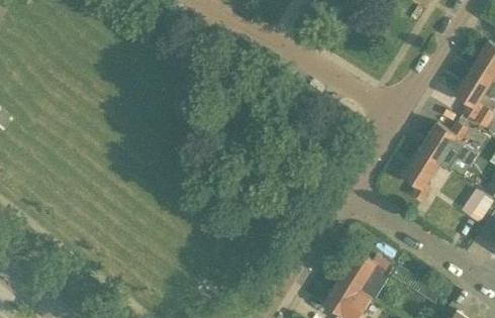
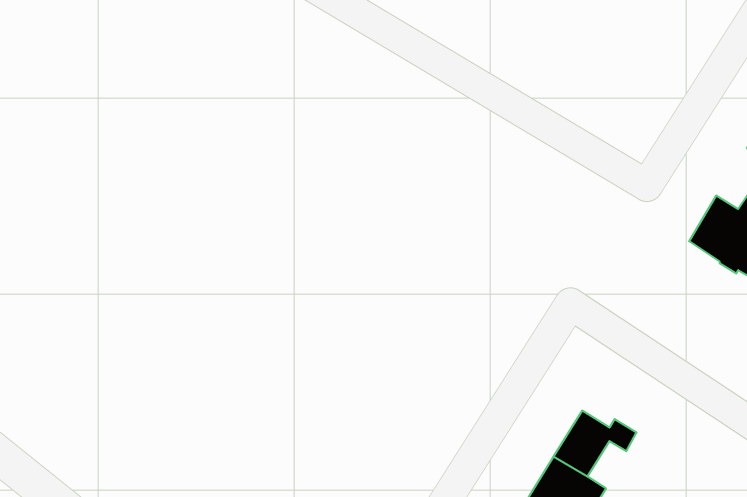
building: [404,148,439,201] -> none

